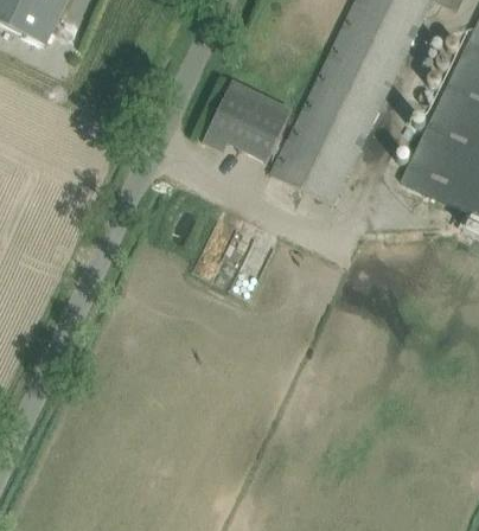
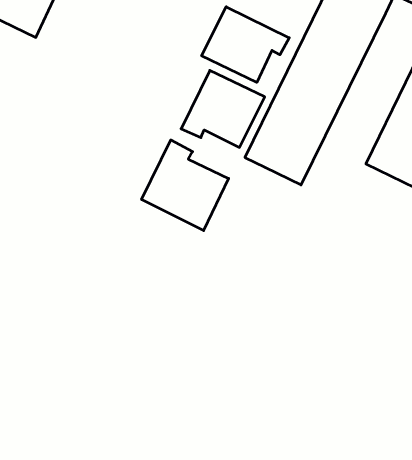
building: none -> [202,7,289,82]
building: none -> [142,140,229,231]

